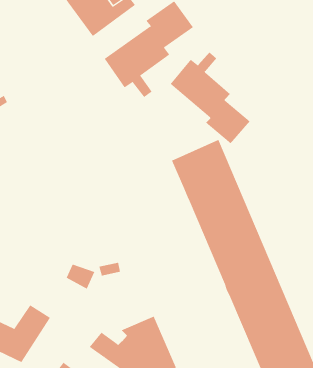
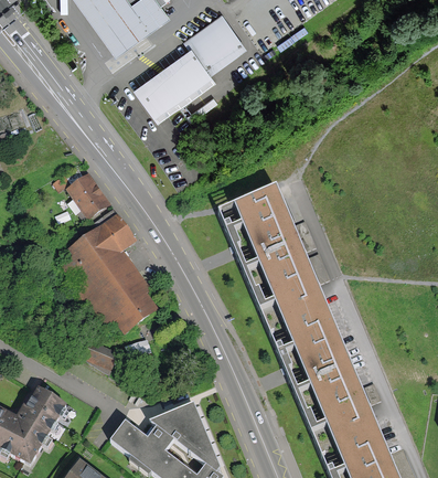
building: [170,52,251,144] -> none
building: none -> [65,171,109,219]
building: none -> [63,212,157,328]

